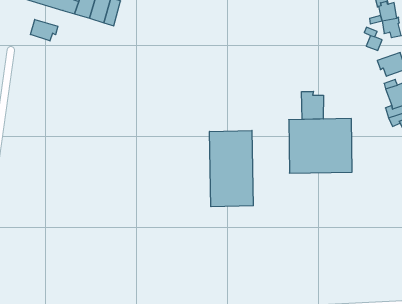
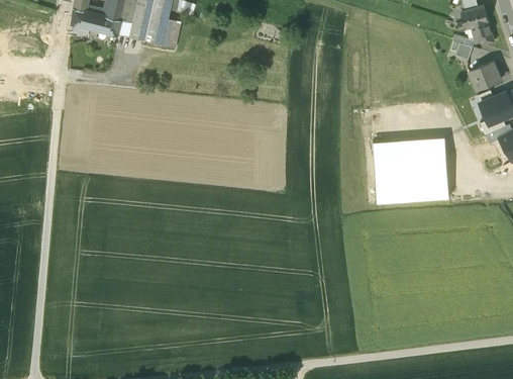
building: [30,19,58,41] -> none
building: [302,91,323,119] -> none
building: [210,130,253,207] -> none

